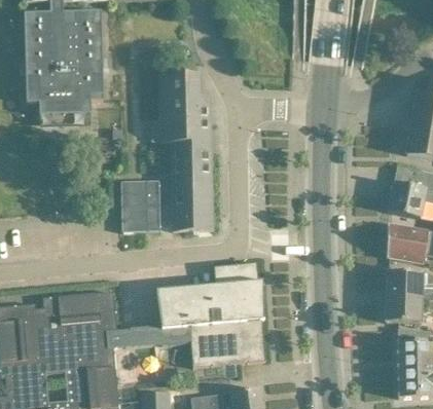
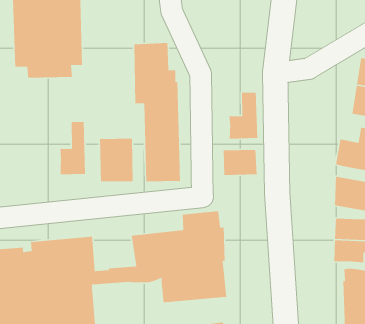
building: none -> [229,92,258,139]
building: none -> [60,121,86,175]
building: none -> [223,149,257,176]

